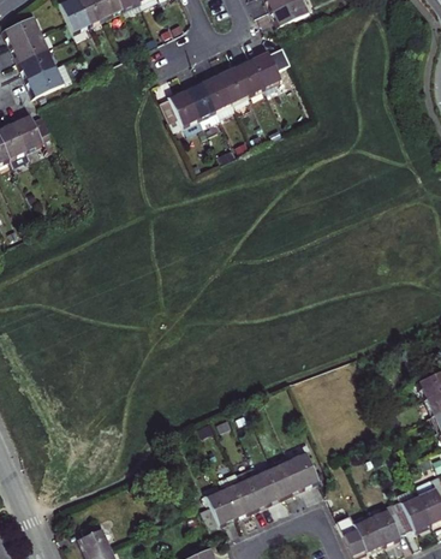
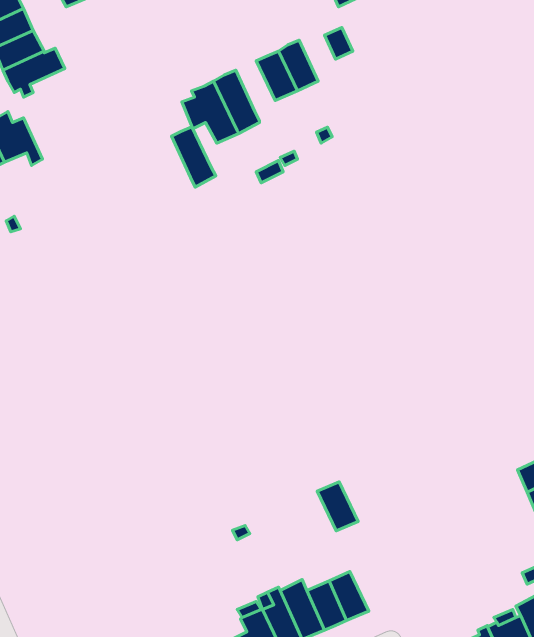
building: [250,50,281,94] -> none
building: [202,73,236,119] -> [171,127,216,187]
building: [288,453,320,490] -> [317,482,358,531]

